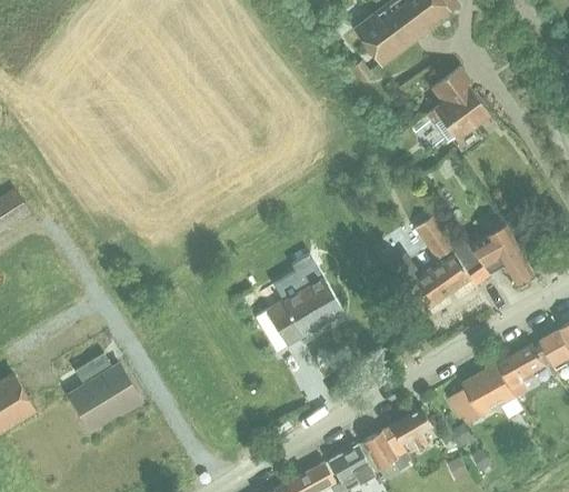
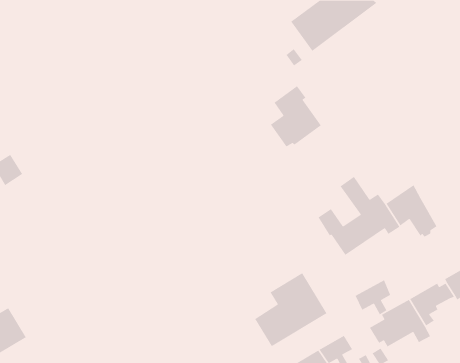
building: [427,67,490,142] -> [270,85,322,147]
building: [254,261,343,352] -> [254,272,327,347]
building: none -> [354,279,391,315]
building: [70,353,143,431] -> none

